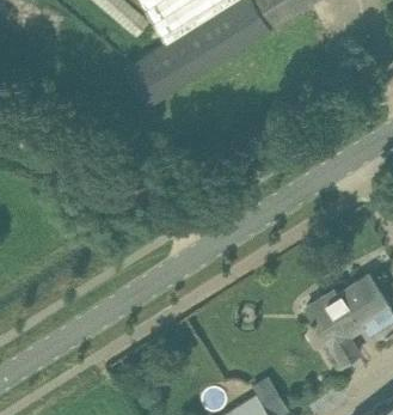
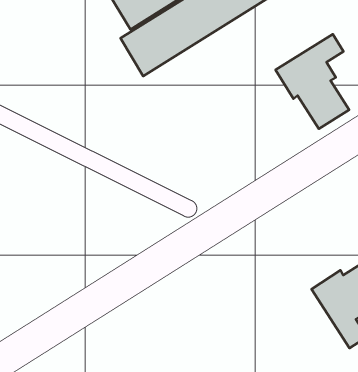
building: none -> [276,34,349,129]

